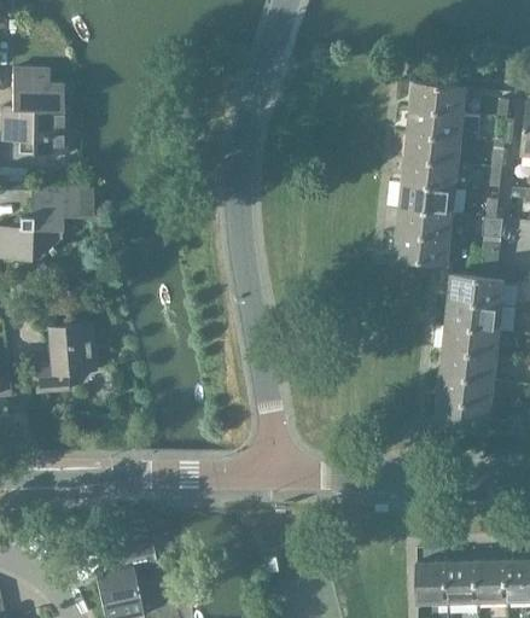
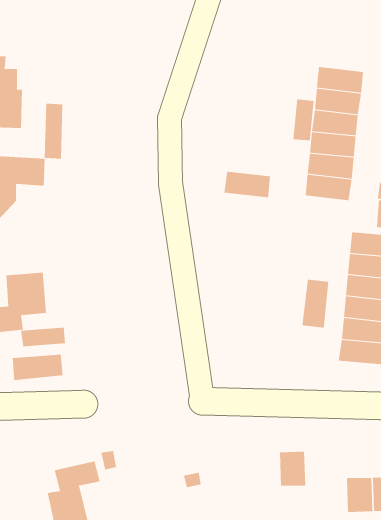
building: none -> [293,99,314,141]
building: none -> [44,103,63,159]
building: [394,233,449,264] -> [223,171,271,198]
building: none -> [302,279,329,329]
building: none -> [20,327,66,347]
building: none -> [12,354,63,381]
building: [415,562,447,604] -> [279,451,306,486]

